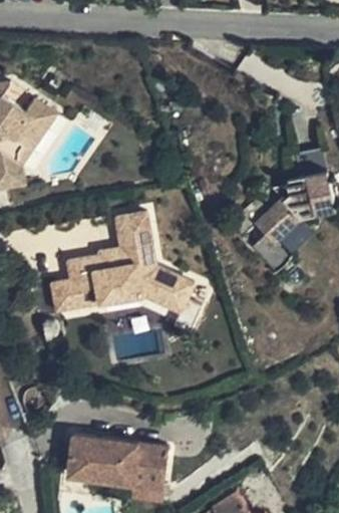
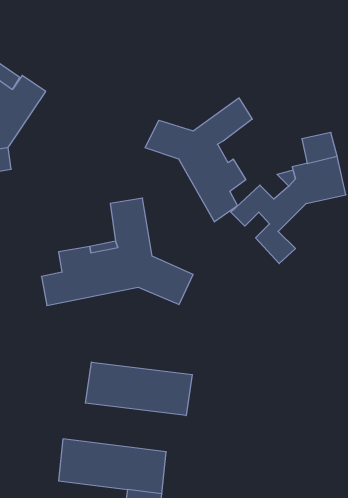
building: none -> [145,98,252,222]
building: none -> [85,362,192,416]

